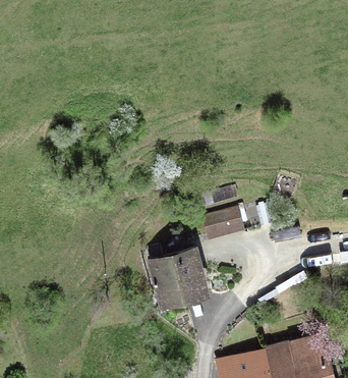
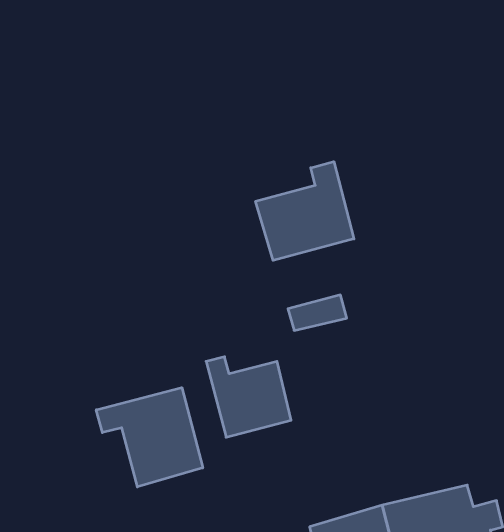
building: none -> [256,162,354,260]
building: none -> [96,388,203,487]

